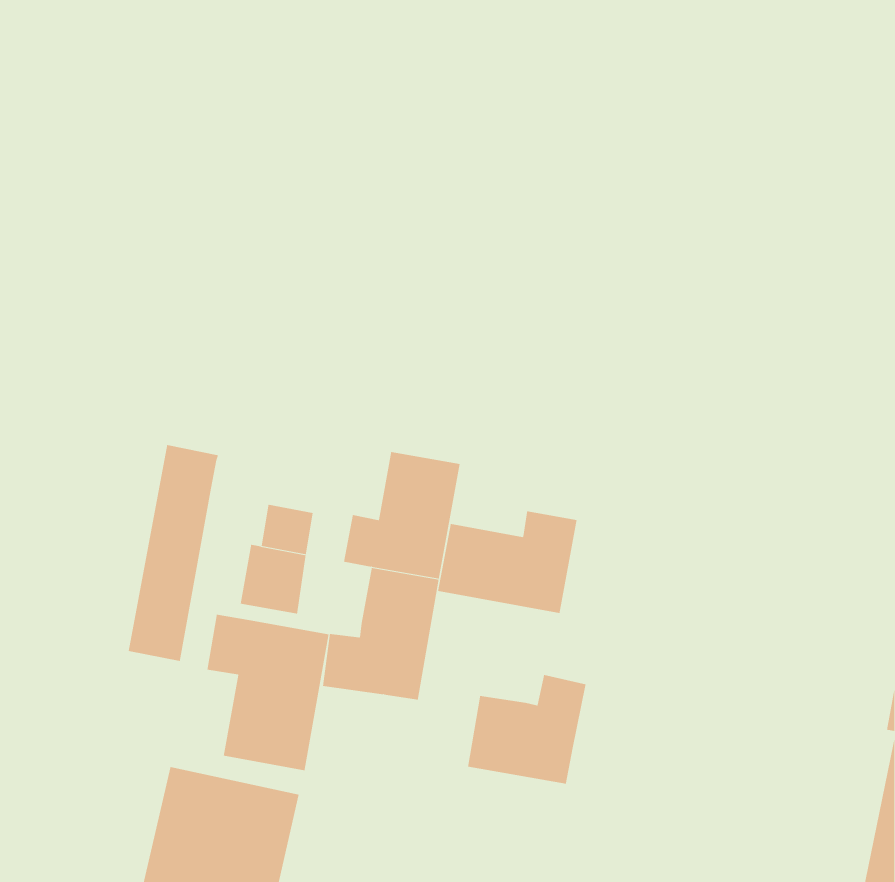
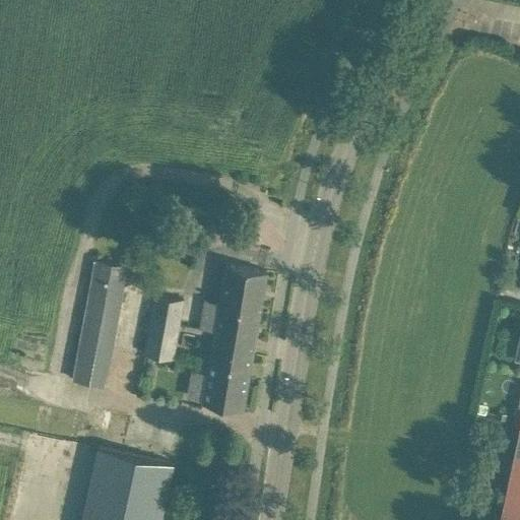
building: [437,510,577,614] -> none
building: [207,614,329,771] -> none
building: [468,674,586,784] -> none

